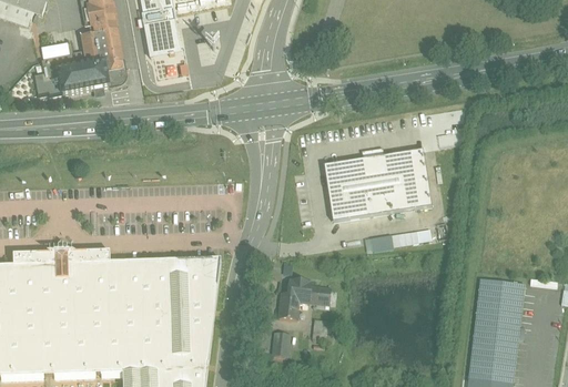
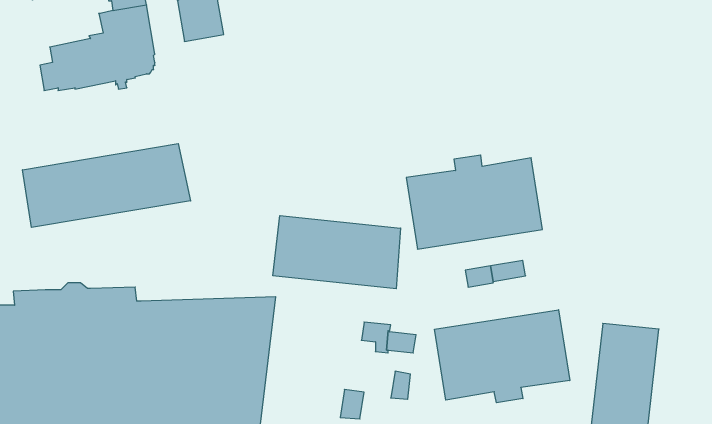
building: none -> [23,144,191,227]
building: none -> [273,216,401,289]
building: none -> [435,310,570,403]
building: [277,292,298,319] -> none

